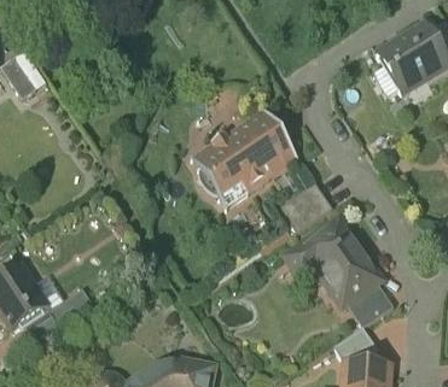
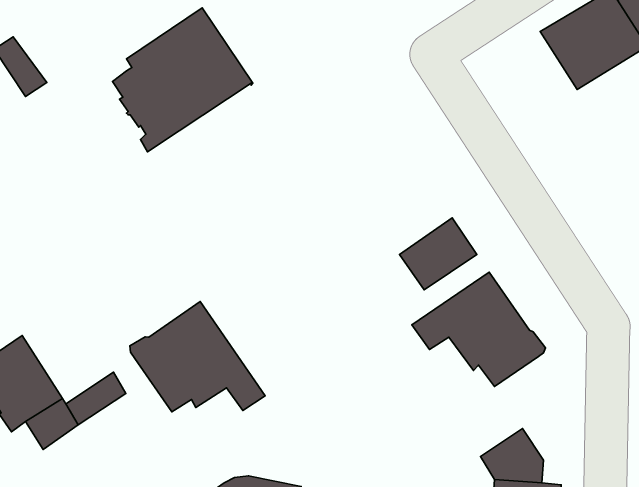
building: [200,106,297,205] -> [112,8,253,152]
building: none -> [130,302,265,412]
building: [343,276,392,326] -> none

